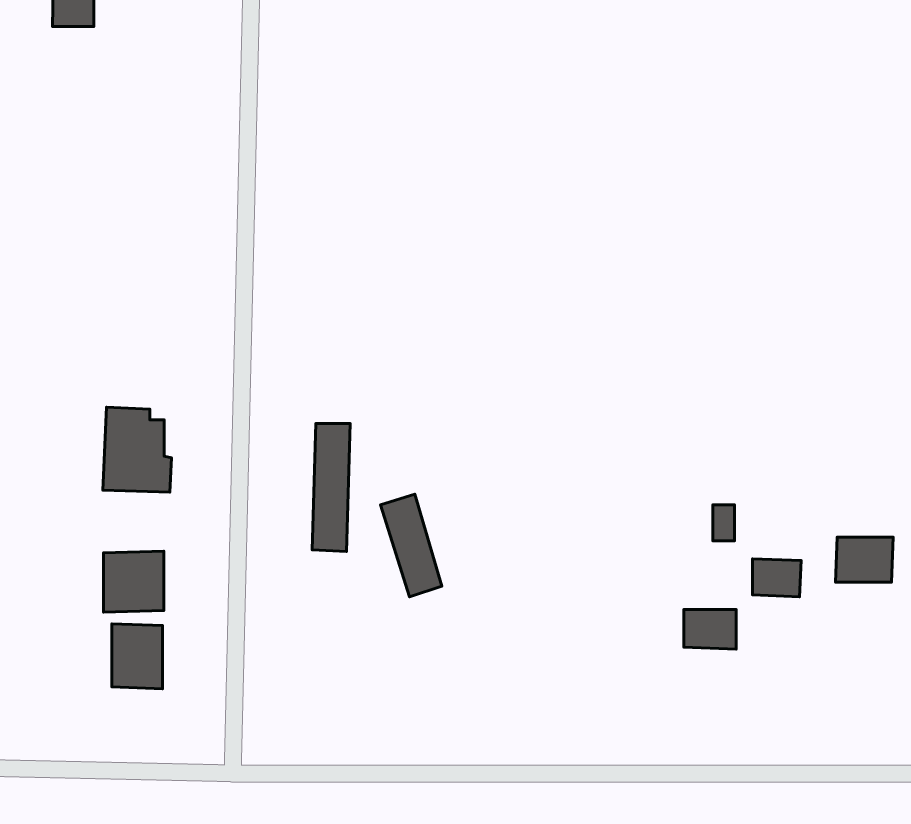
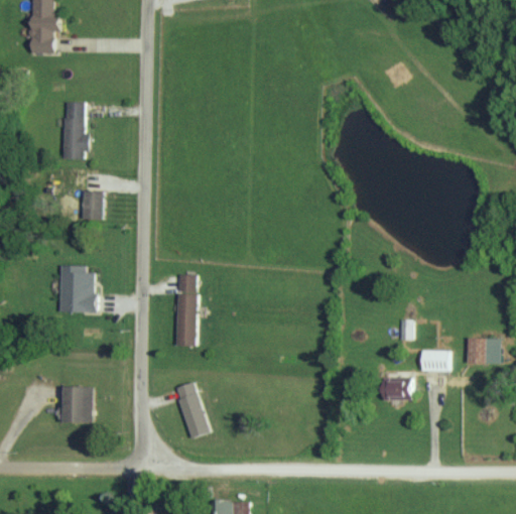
building: none -> [61,101,89,158]
building: none -> [82,190,103,219]
building: [381,494,442,597] -> [174,381,209,438]
building: [104,551,164,612] -> none

